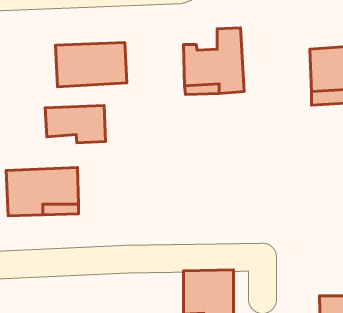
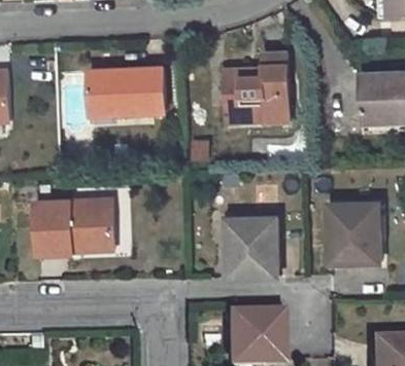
building: [45,105,105,143] -> none
building: none -> [329,202,380,263]
building: none -> [227,217,278,277]

